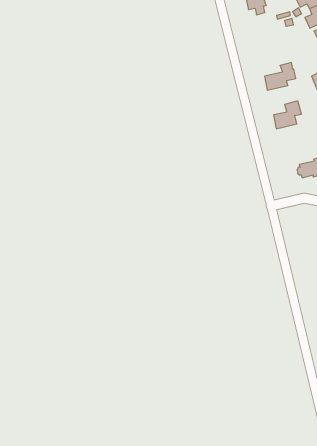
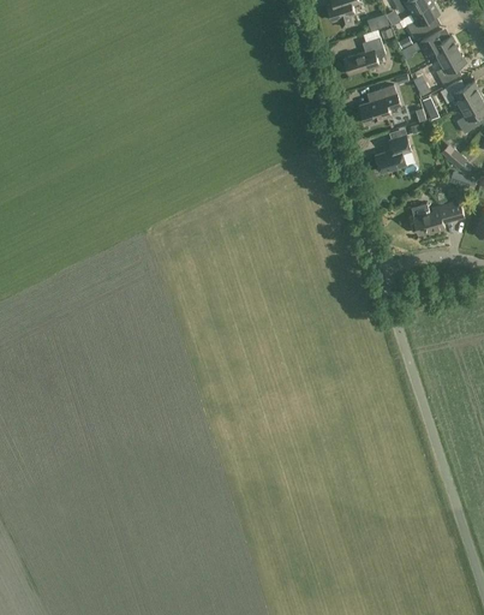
building: none -> [343,36,384,73]

